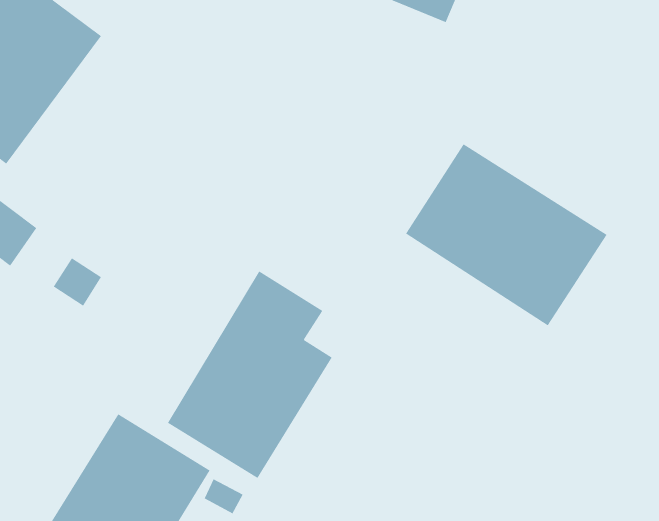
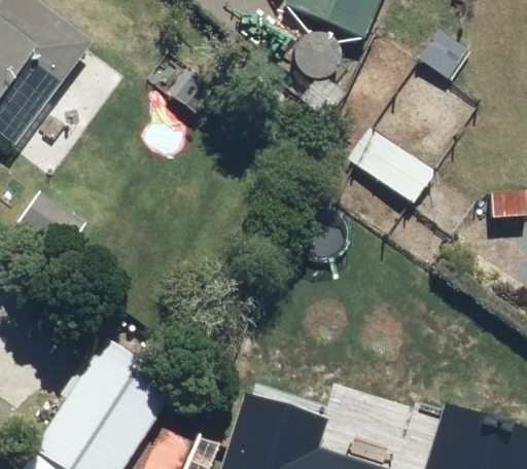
building: [167,270,333,479] -> none

